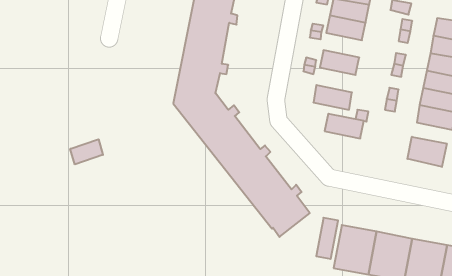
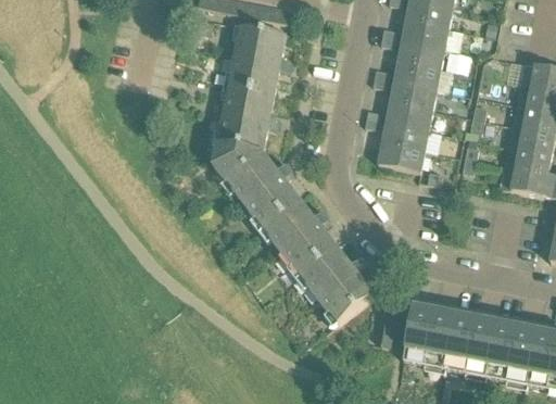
building: none -> [390,78,435,108]
building: [325,114,364,138] -> [381,119,428,149]
building: [407,137,447,167] -> none
building: [70,139,103,164] -> none

